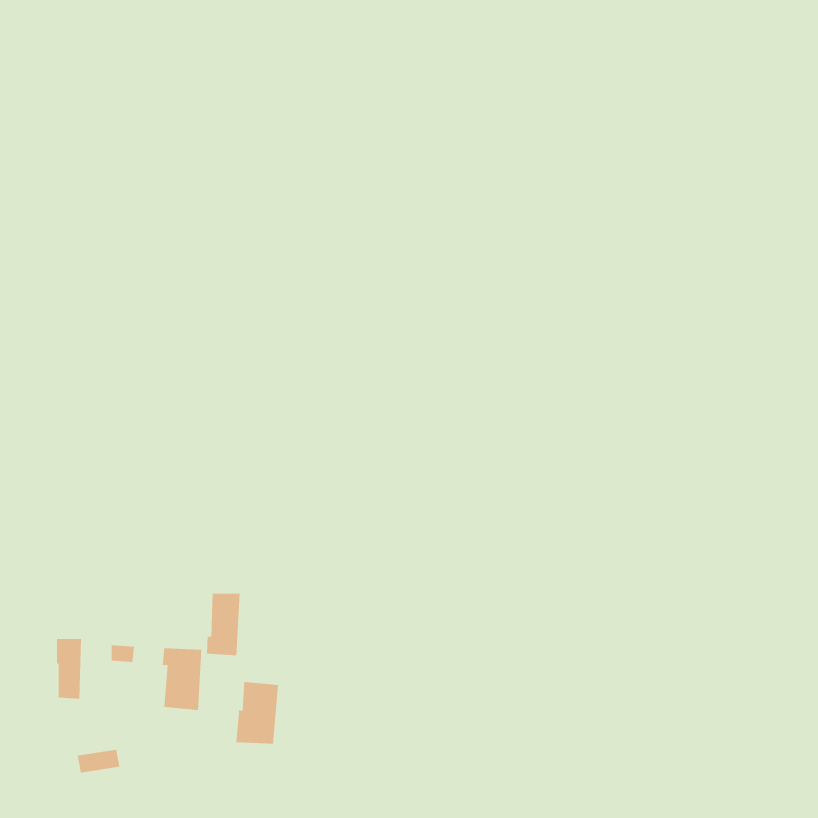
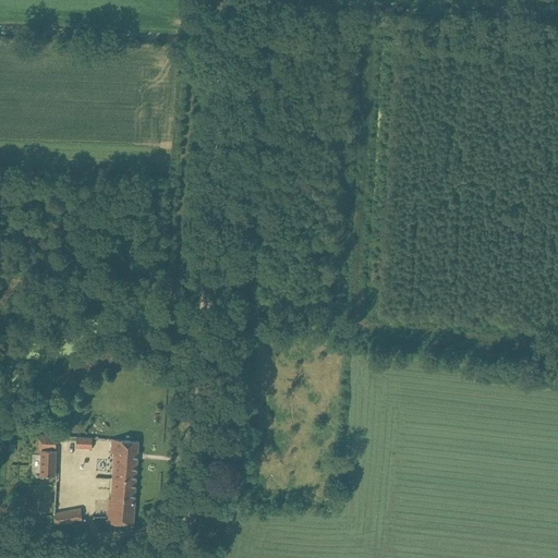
building: [207,593,240,656] -> none
building: [235,681,279,744] -> [106,482,135,524]

